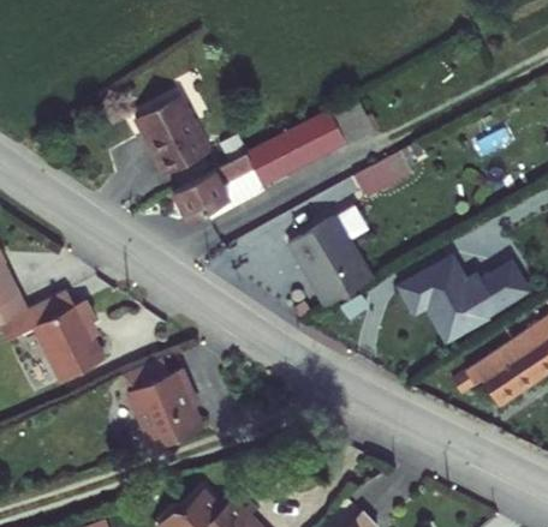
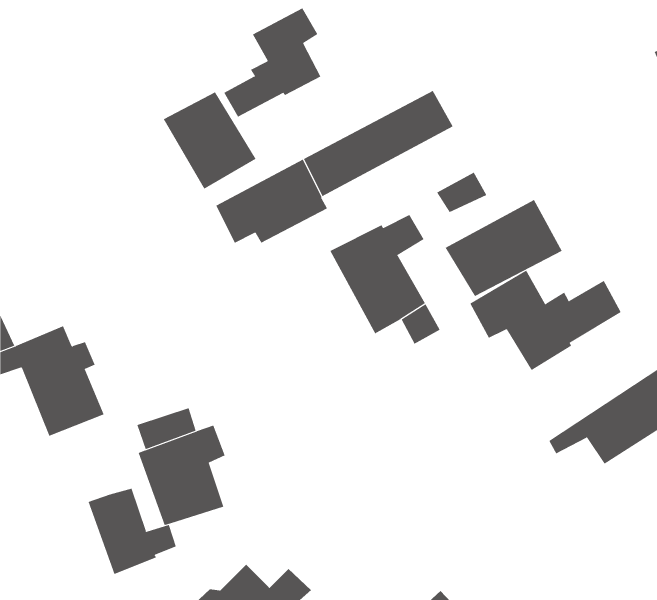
building: none -> [224,7,321,117]
building: none -> [445,199,562,297]
building: none -> [88,488,176,575]

